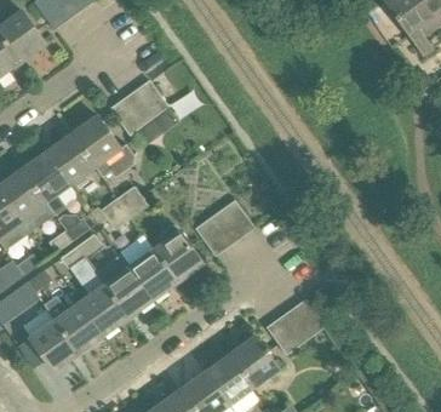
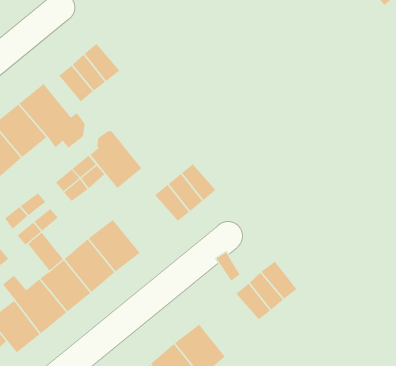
building: [154,227,204,282] -> [90,131,142,189]
building: [230,336,279,387] -> none

